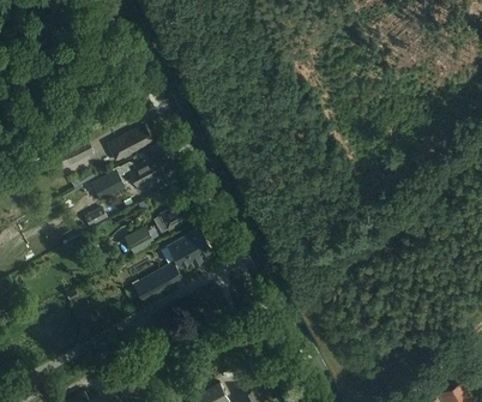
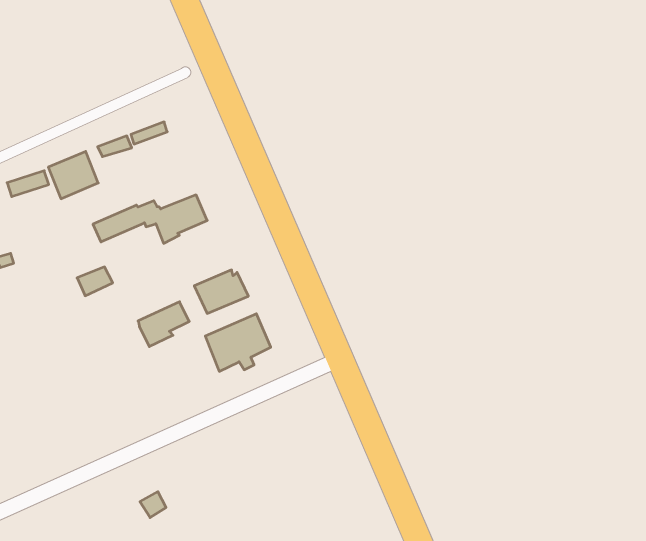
building: [106,128,151,163] -> none
building: [132,264,181,302] -> none

